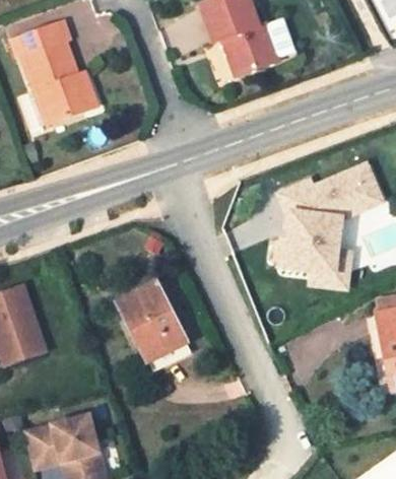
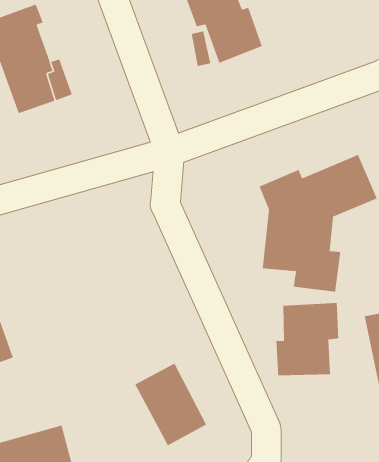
building: [115,283,184,362] -> [134,363,207,446]
building: none -> [276,302,339,376]

